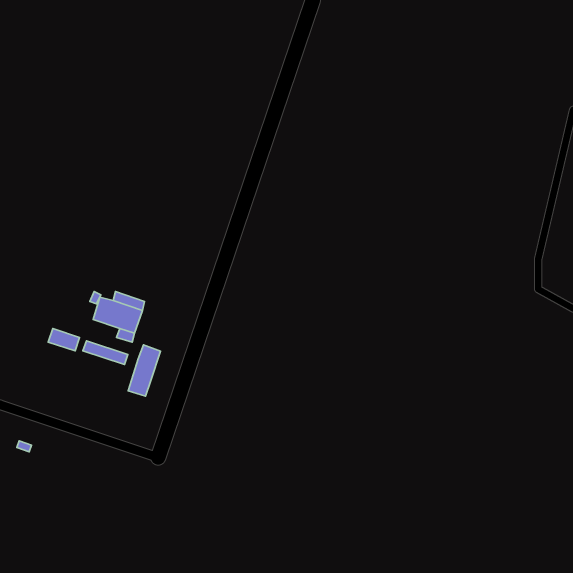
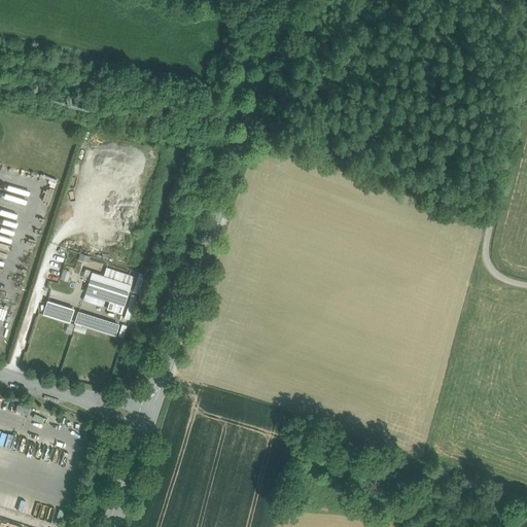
building: [128,345,160,396] -> none

